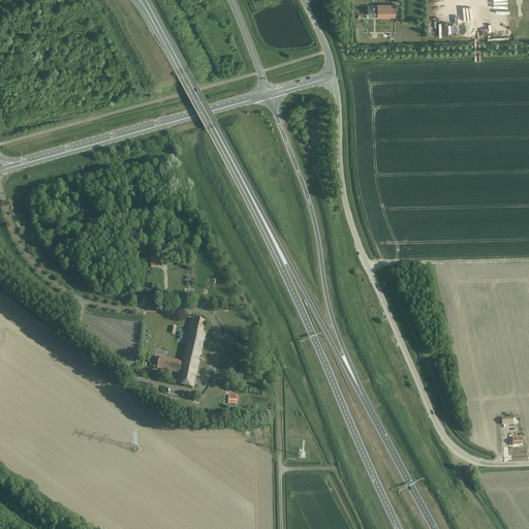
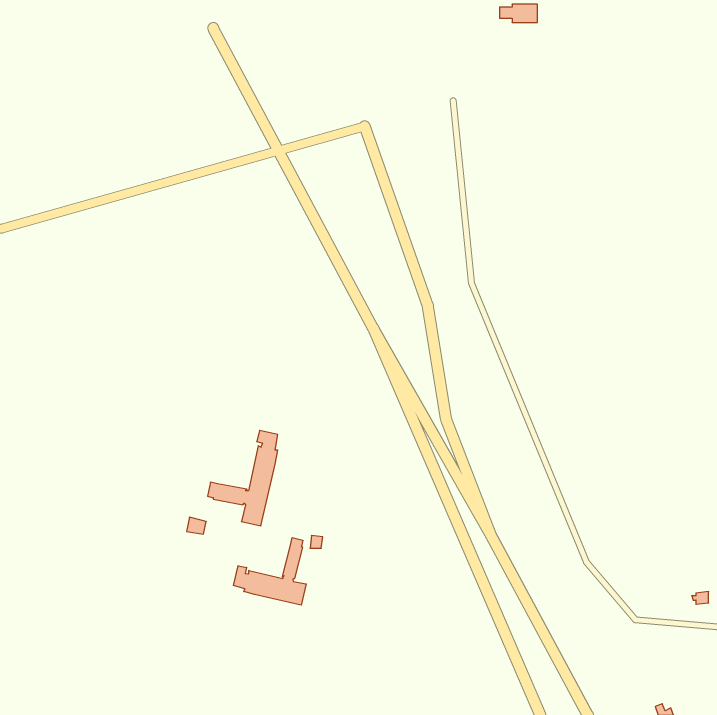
building: none -> [234,538,306,605]

